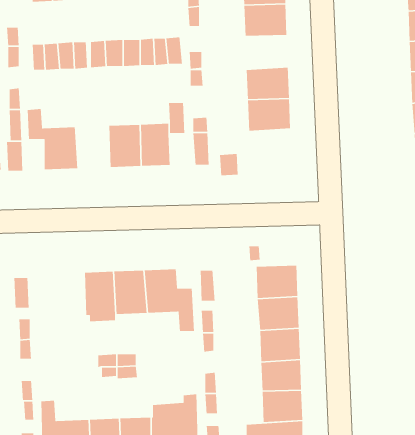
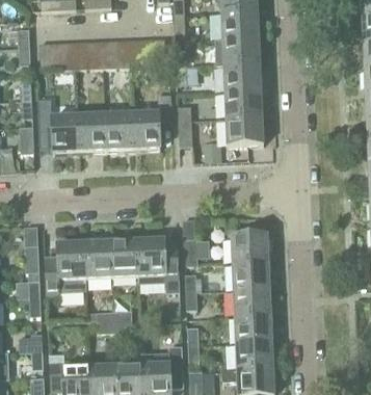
building: none -> [222,37,260,67]
building: none -> [78,114,107,152]
building: none -> [226,117,263,144]
building: none -> [45,240,86,296]

